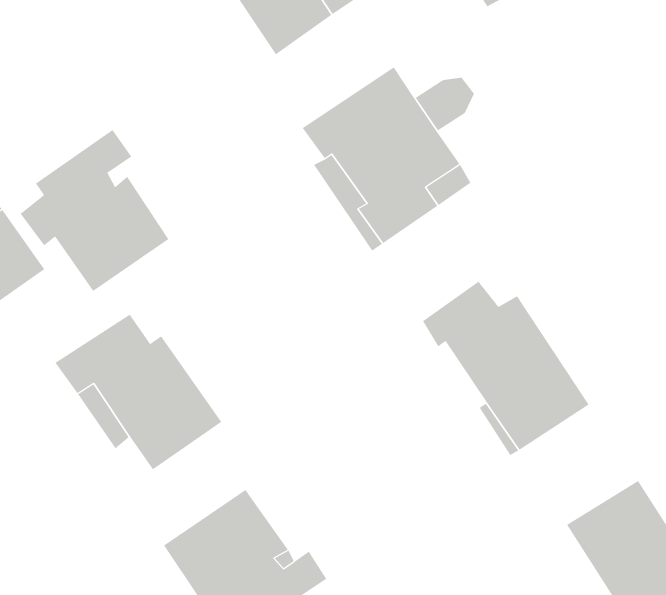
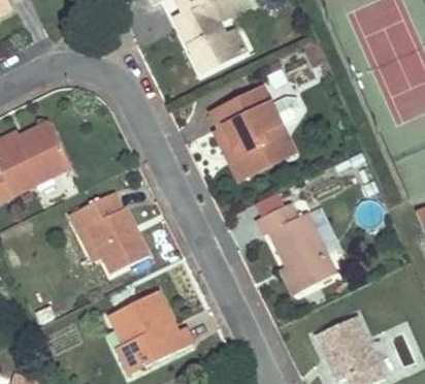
building: [20,129,169,292] -> none

